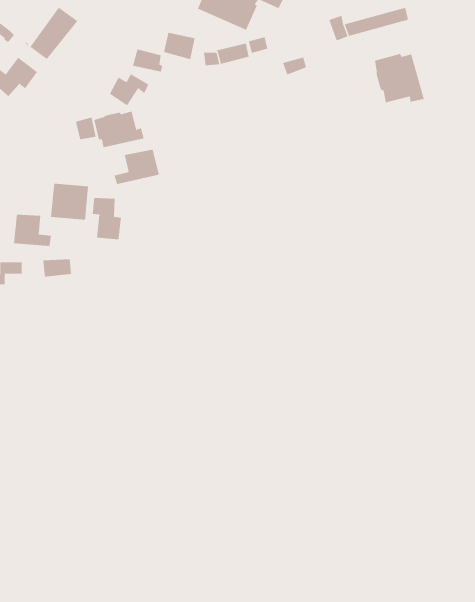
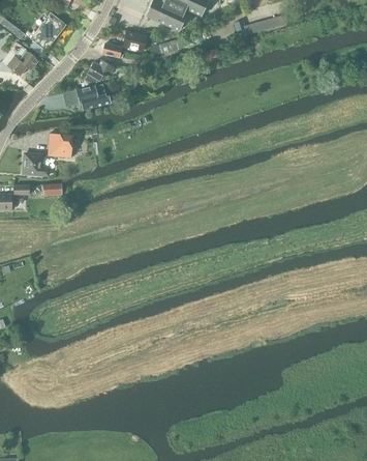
building: [375,53,424,103] -> none
building: [114,149,160,185] -> none
building: [92,197,121,240] -> none

